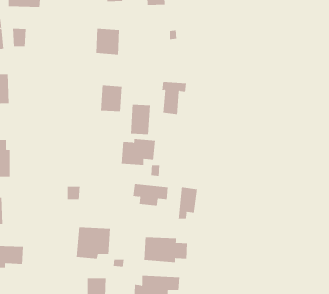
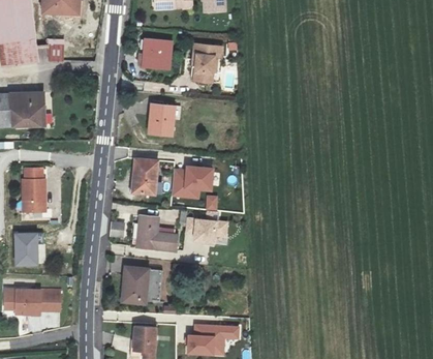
building: [162,82,187,115] -> [193,43,222,82]
building: [130,104,151,135] -> [132,158,156,193]
building: none -> [137,215,175,249]
building: [178,186,197,220] -> none
building: [144,236,188,263] -> none

